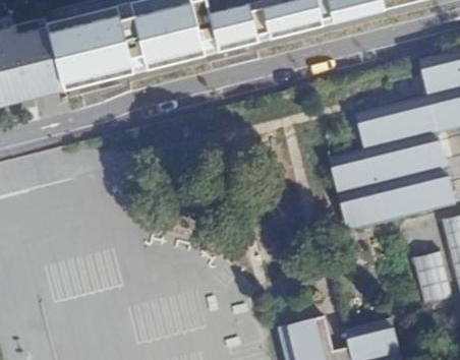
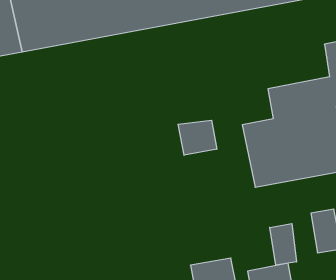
building: none -> [178,120,217,155]
building: none -> [270,224,296,265]

